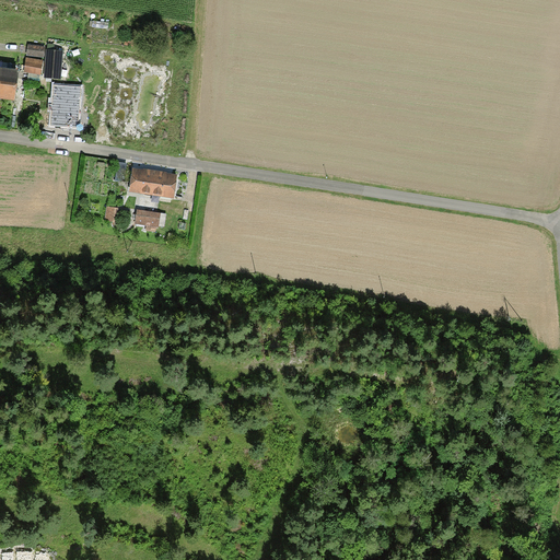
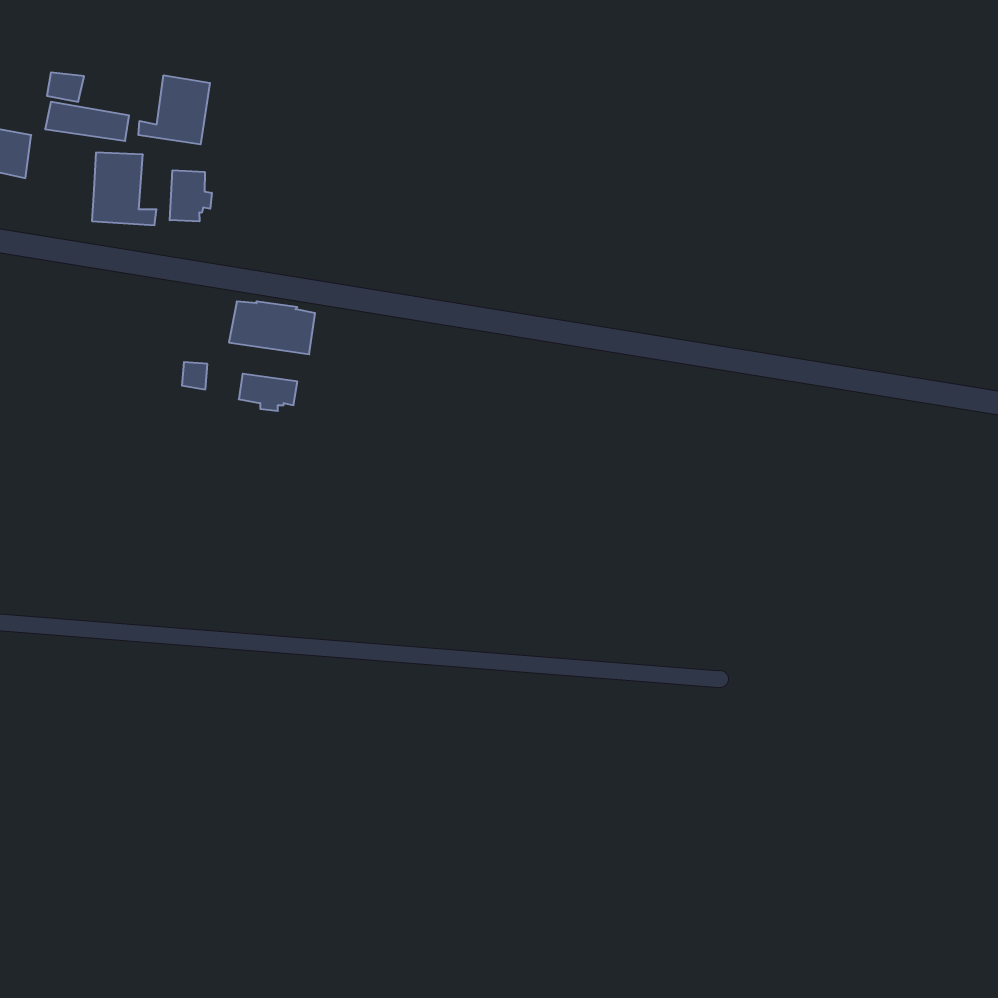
building: none -> [138,75,210,144]
building: none -> [170,170,212,221]

